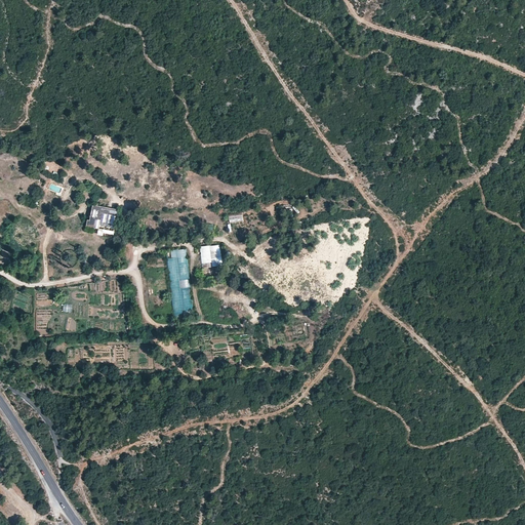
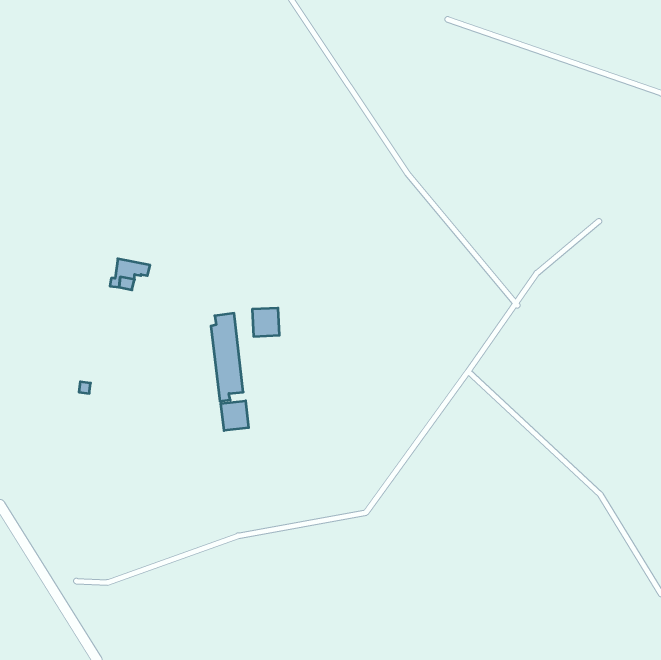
building: none -> [221,401,249,431]

